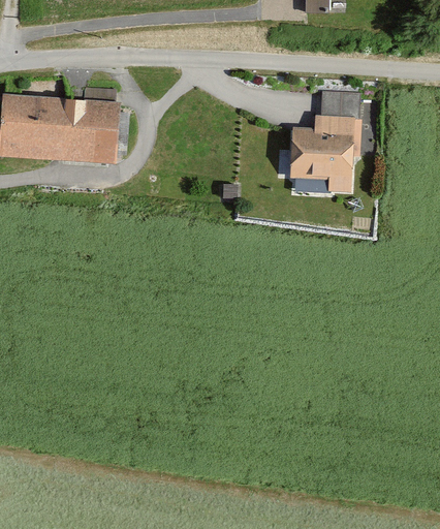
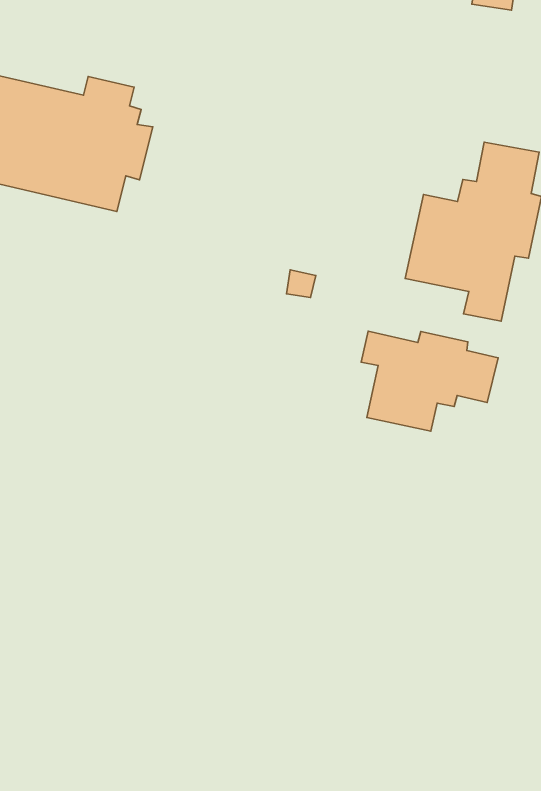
building: none -> [361,331,498,431]

